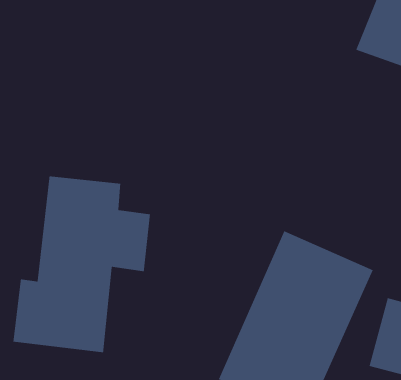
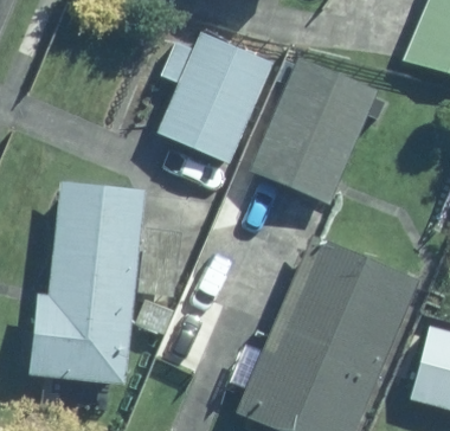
building: none -> [156,30,272,160]
building: none -> [248,64,377,206]

